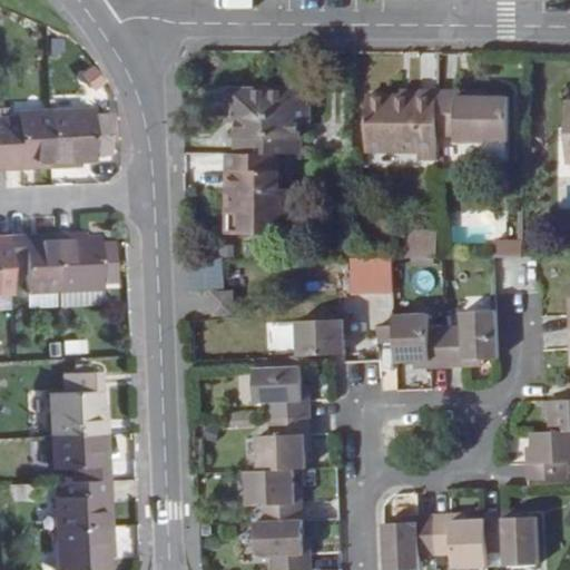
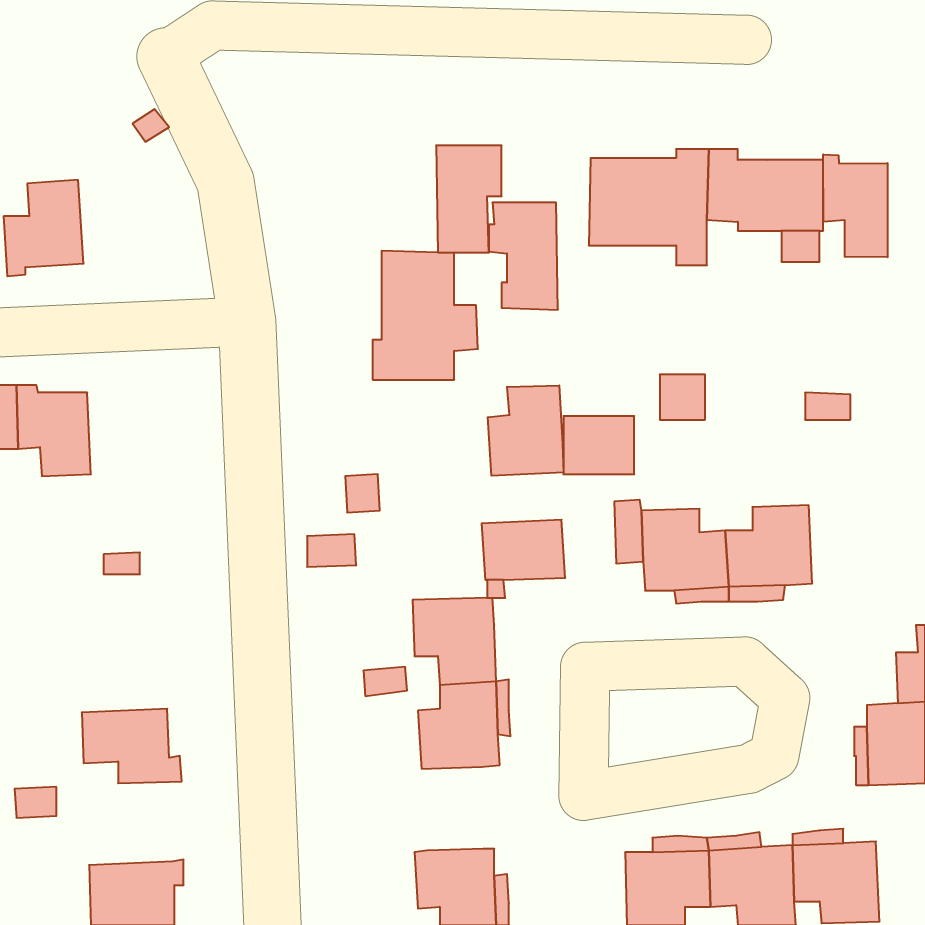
building: [226,89,268,155] -> [489,203,558,310]
building: none -> [823,154,888,257]
building: [48,108,115,165] -> none
building: [52,234,117,291] -> none
building: none -> [488,385,563,476]
building: [49,371,109,436] -> none
building: [245,470,296,521] -> none
building: [53,479,111,530] -> none

